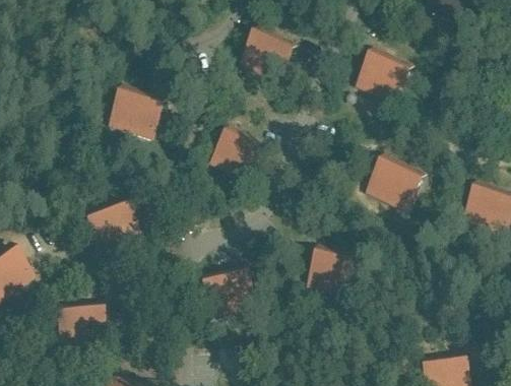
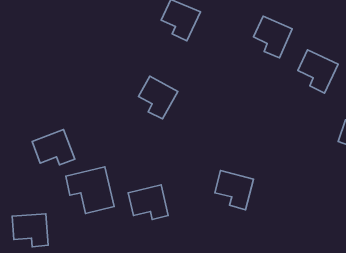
building: [112,85,161,136] -> none
building: [370,155,421,210] -> [298,50,338,93]
building: none -> [66,167,114,214]

